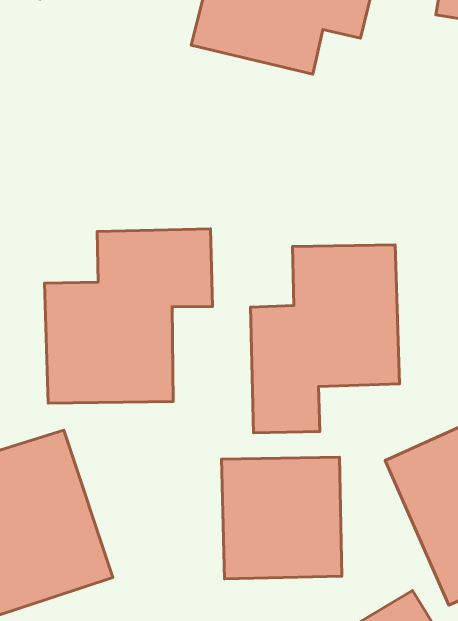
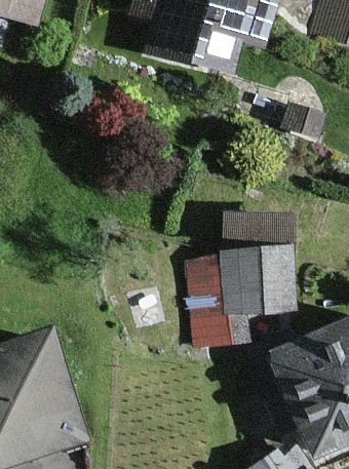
building: [45,229,212,403] -> none
building: [222,457,342,579] -> none

